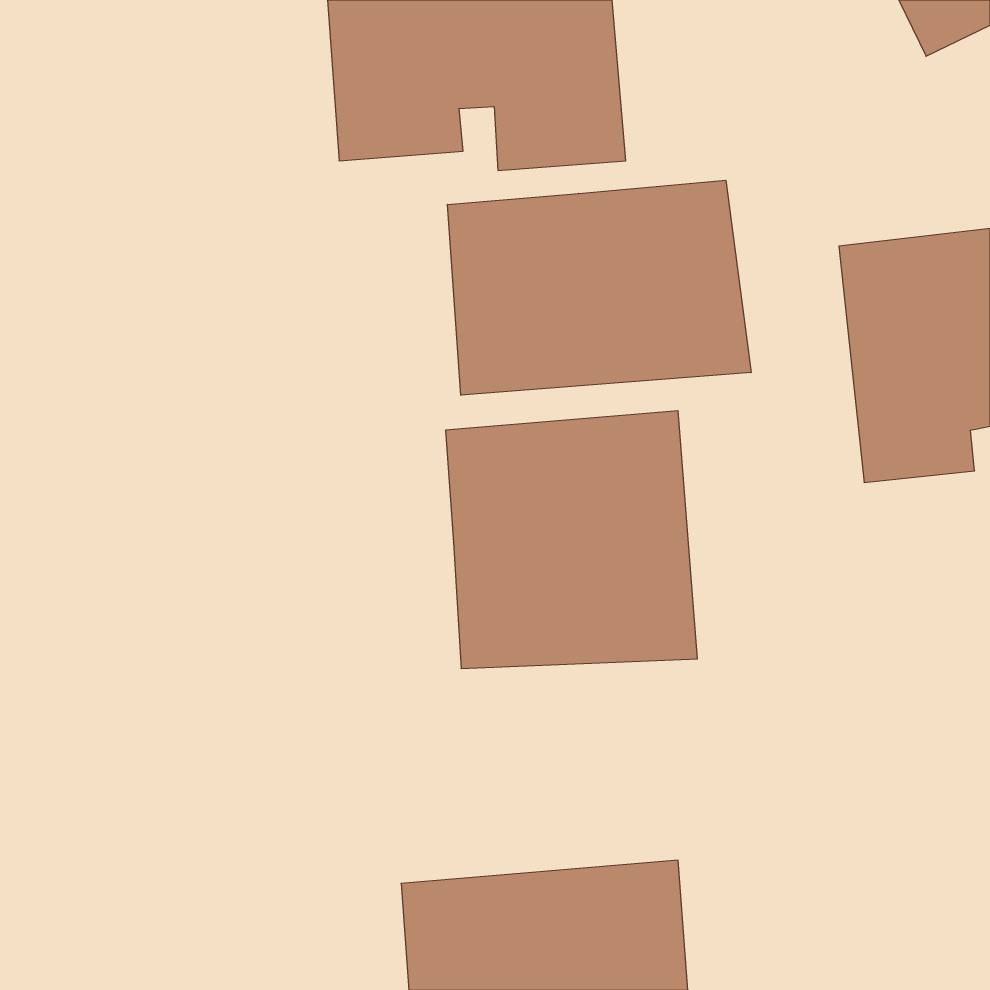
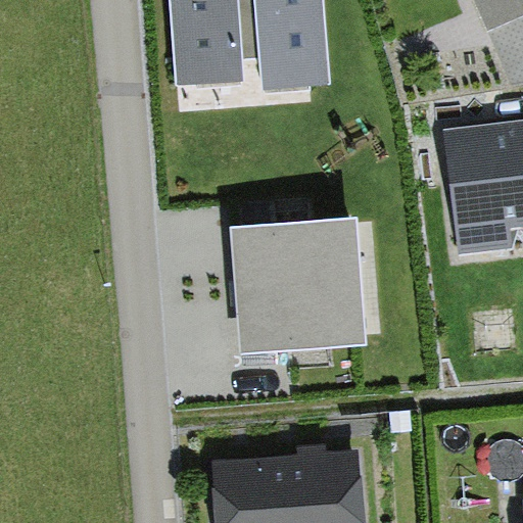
building: [447,180,751,395] -> none

